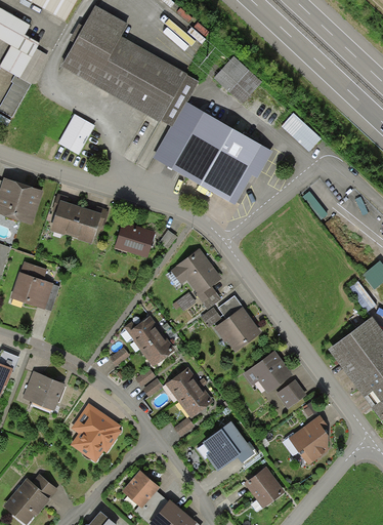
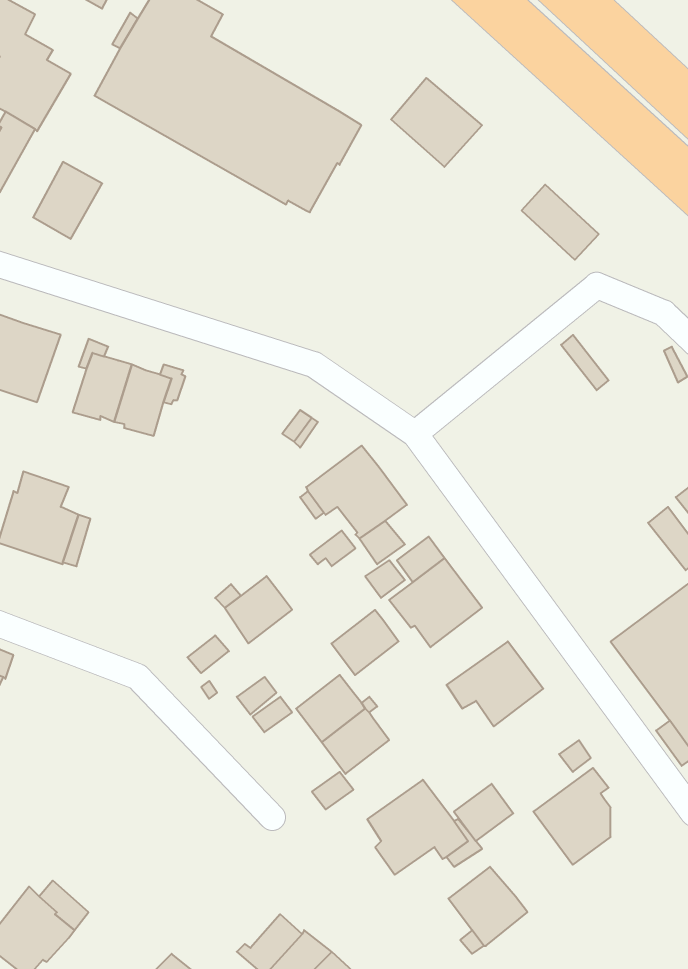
building: [153,102,272,205] -> none
building: [58,114,94,154] -> [33,162,102,239]
building: [114,223,156,258] -> none
building: [140,333,175,367] -> [331,610,399,675]
building: [22,371,66,411] -> none
building: [275,379,306,409] -> [454,784,513,841]
building: [70,403,121,462] -> none
building: [122,470,160,509] -> none

